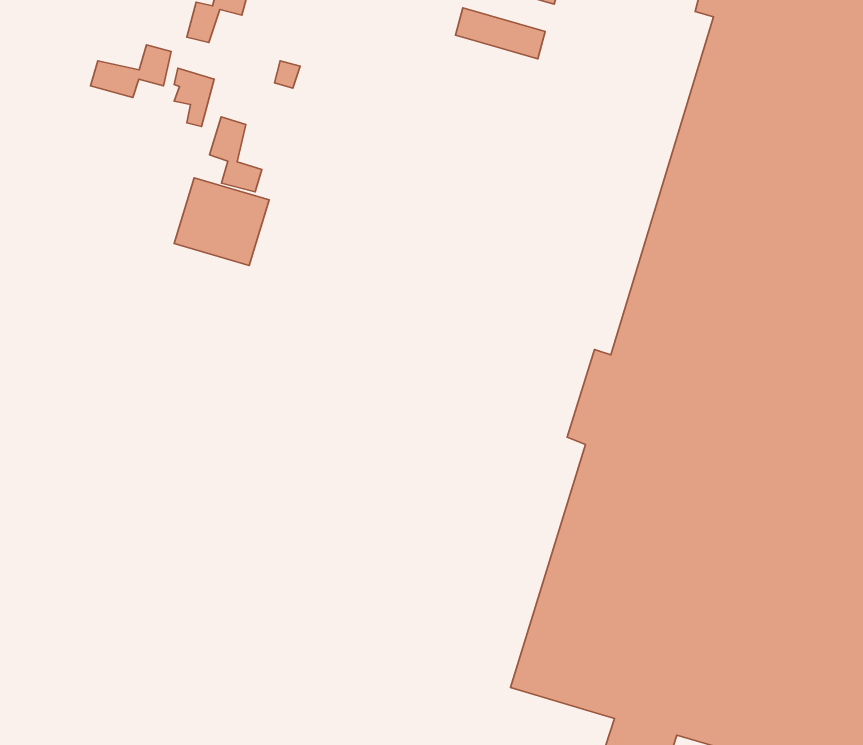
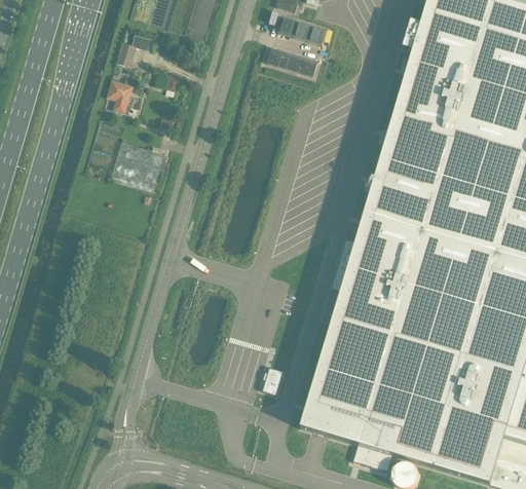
building: [90,45,171,98] -> none
building: [210,117,262,192] -> none

